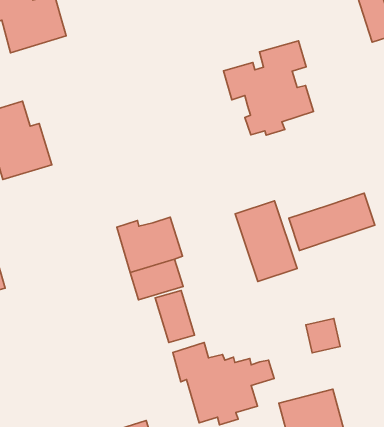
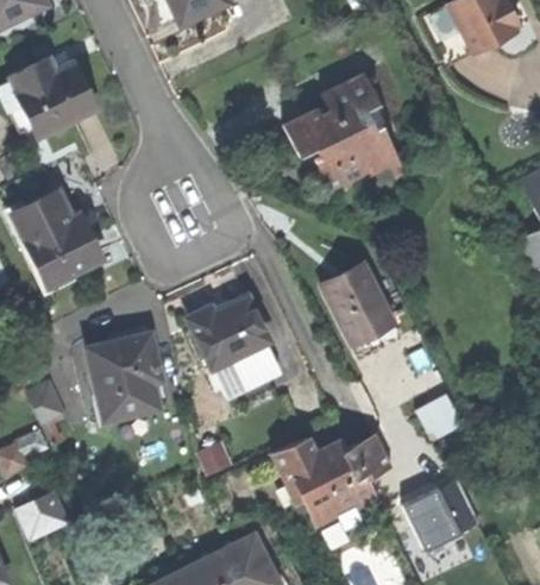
building: [289,193,375,250] -> none
building: none -> [89,335,161,421]
building: [155,290,195,342] -> none

